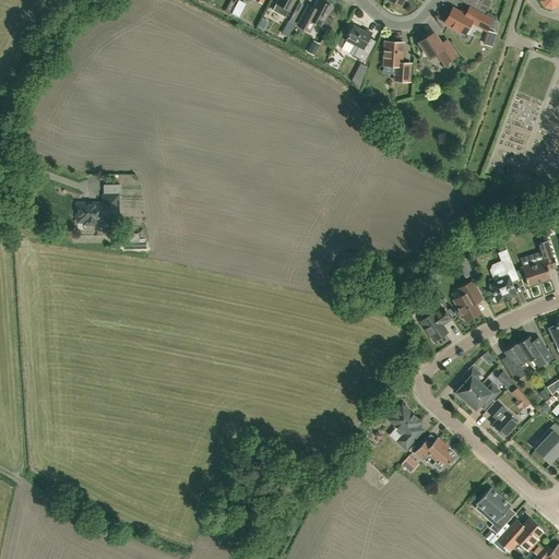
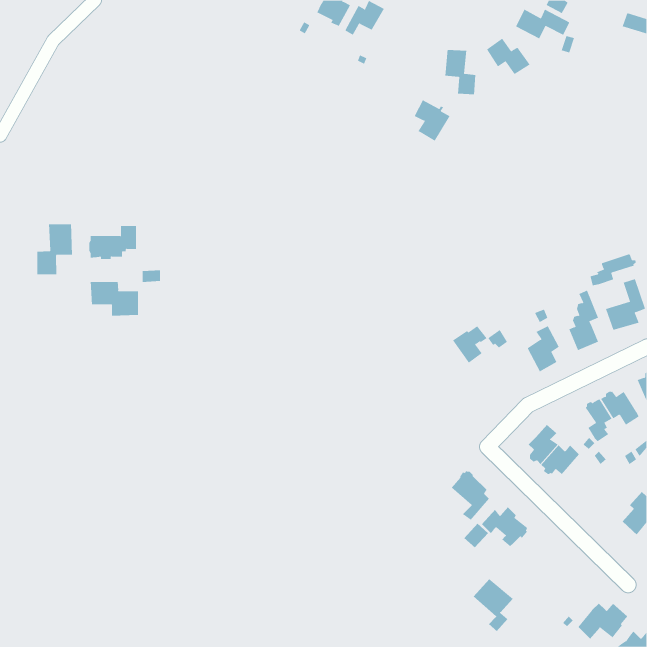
building: [346,26,378,62] -> [414,100,450,141]
building: none -> [37,224,72,275]
building: none -> [590,254,636,286]
building: none -> [90,281,138,316]
building: [420,308,451,341] -> [452,325,487,363]
building: [486,401,518,437] -> none
building: [476,488,511,534] -> [473,579,513,632]

